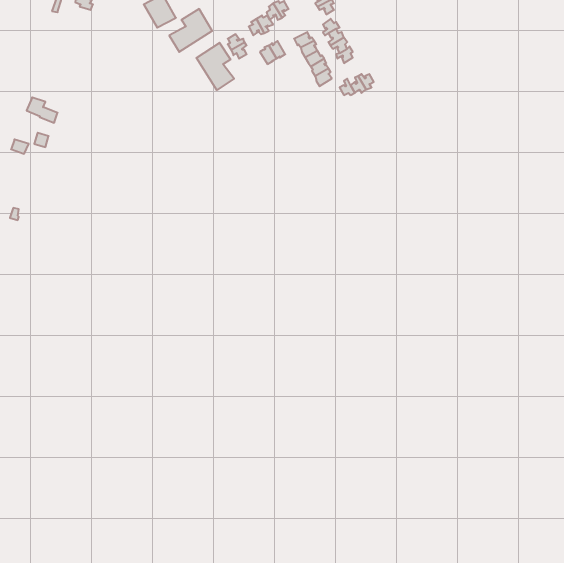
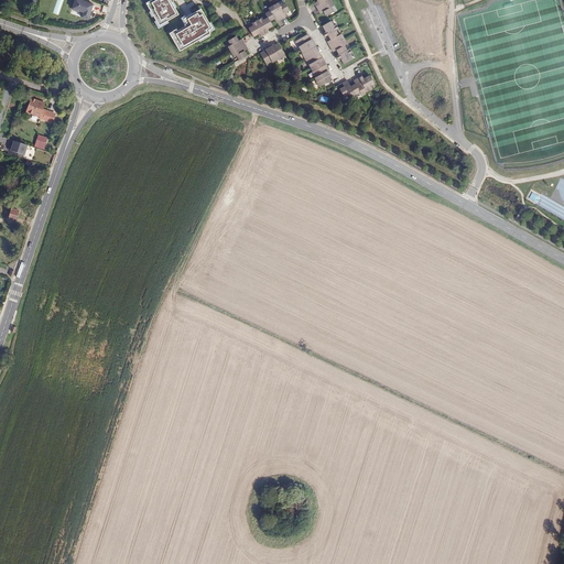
building: [196,43,234,90] -> none

